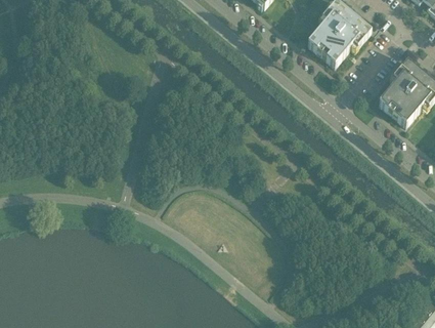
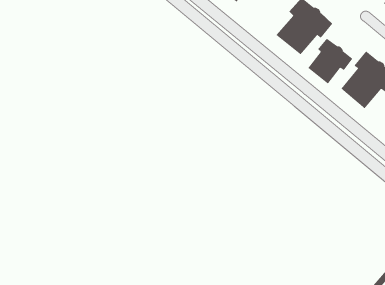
building: none -> [308,38,353,85]

